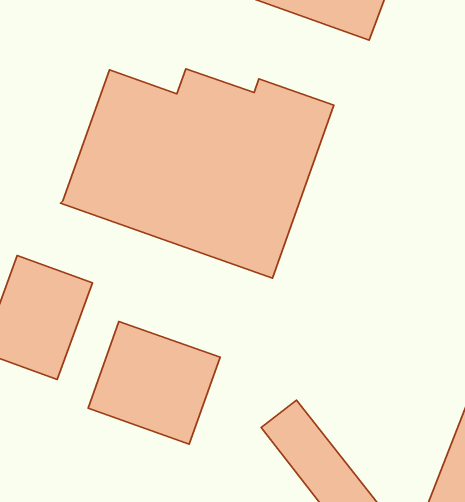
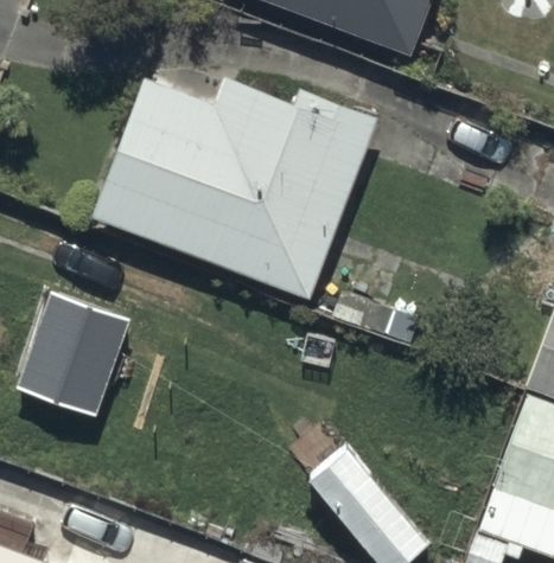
building: [88,321,220,444] -> none

